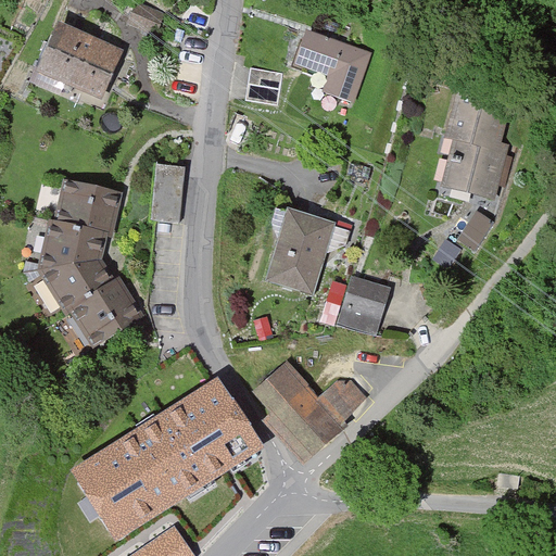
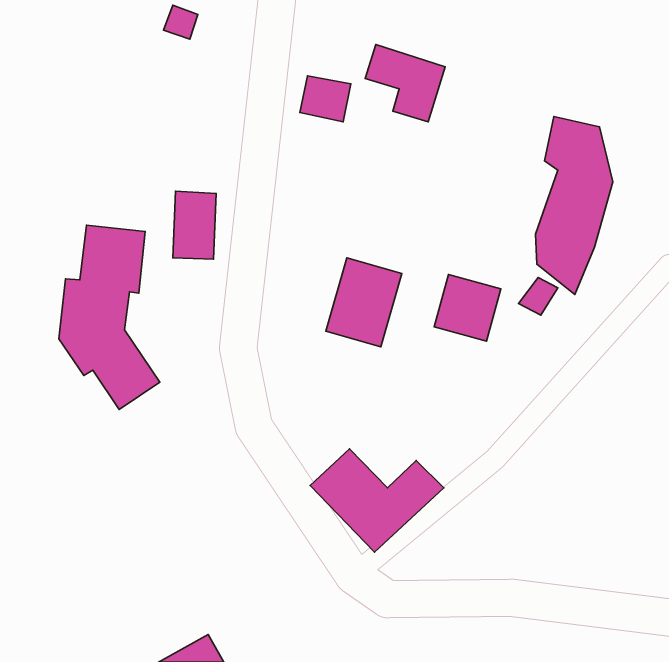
building: [46,33,121,100] -> none
building: [331,278,387,333] -> [434,275,501,341]
building: [75,375,255,527] -> none

